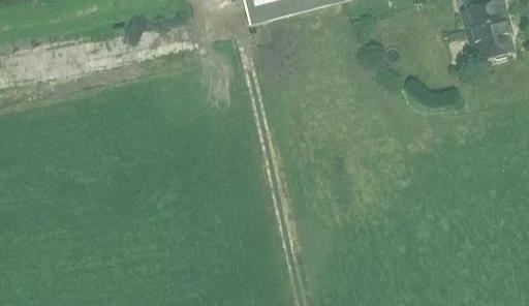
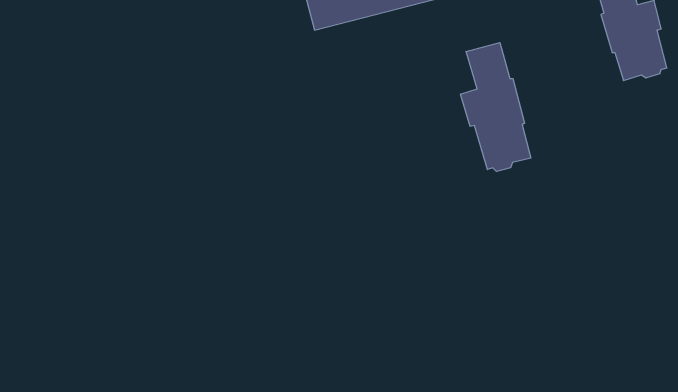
building: none -> [461,43,531,171]

